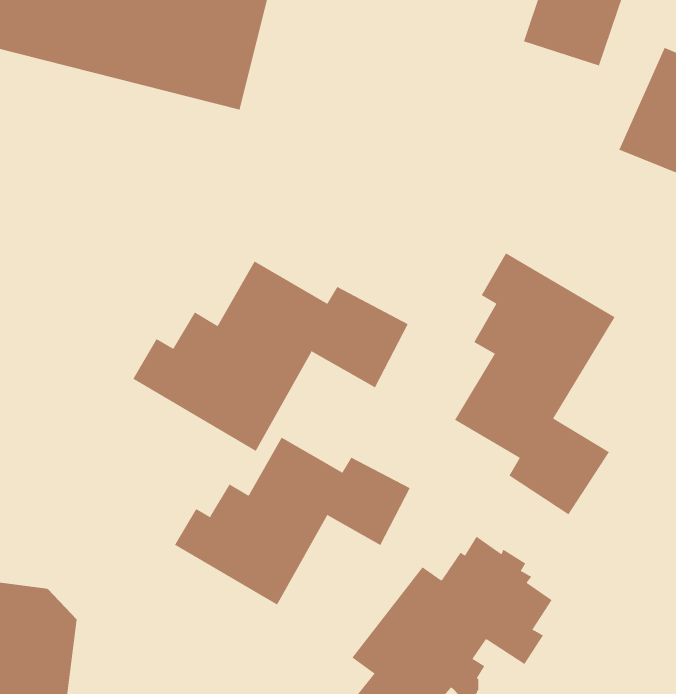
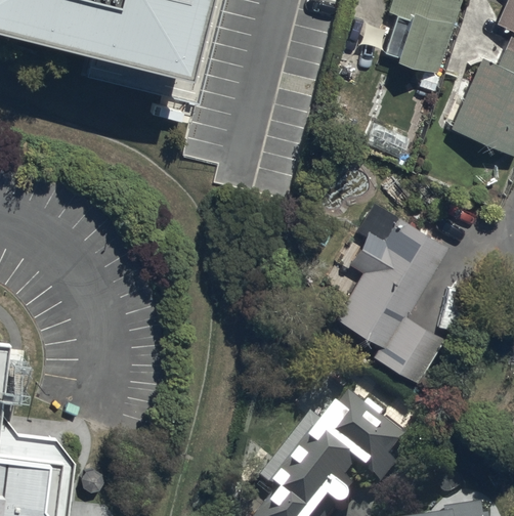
building: [132,261,408,452] -> none
building: [174,437,411,606] -> none

